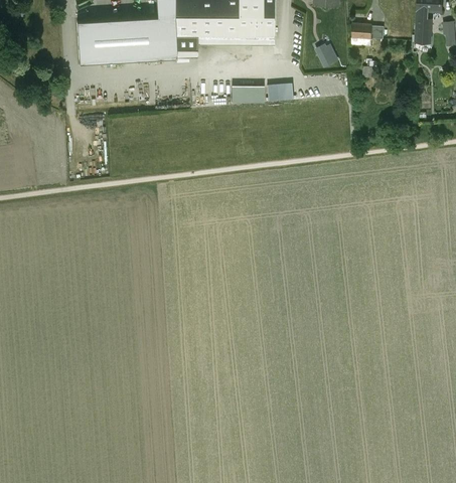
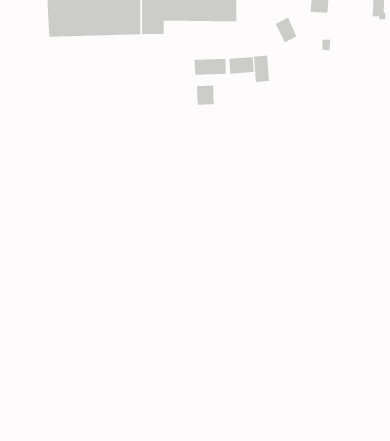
building: none -> [254,55,270,83]
building: none -> [197,85,214,105]

